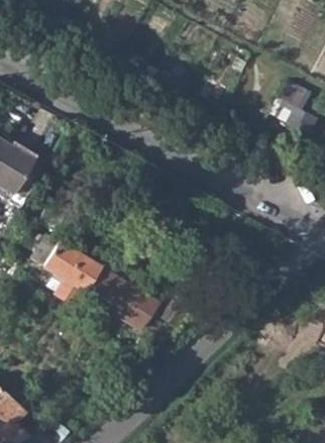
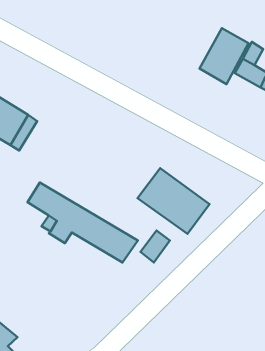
building: none -> [200,28,249,84]
building: none -> [137,168,210,234]

